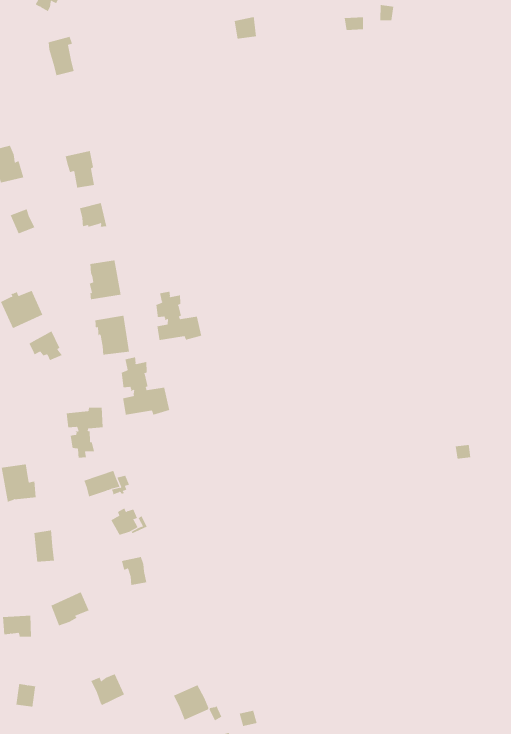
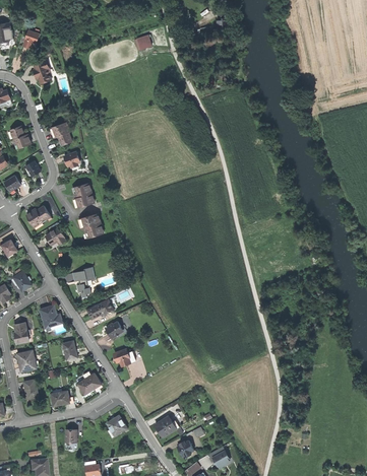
building: [156,291,202,341] -> none
building: [121,357,170,415] -> none

